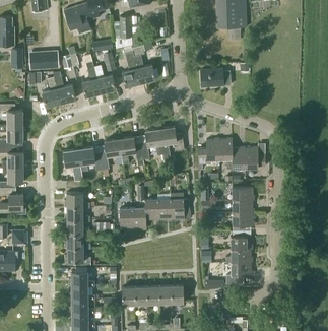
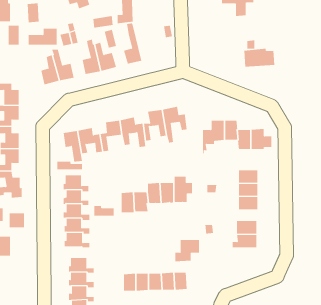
building: [132,46,155,83] -> none
building: [200,69,231,87] -> [243,48,275,67]
building: [226,263,251,284] -> [175,240,200,262]

